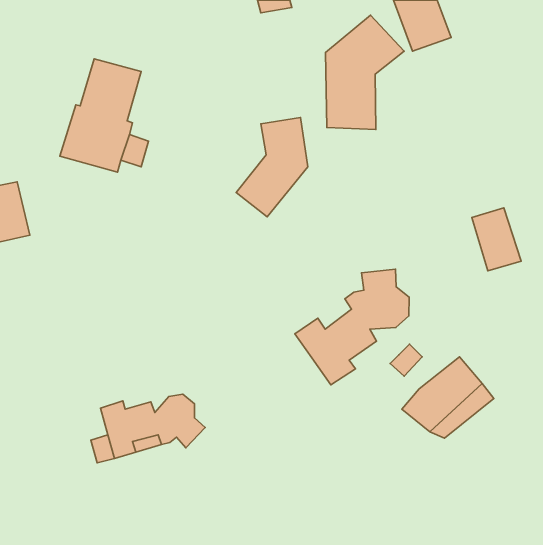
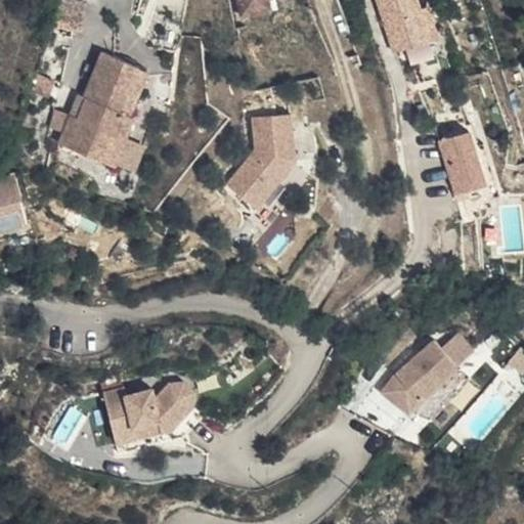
building: [326,15,404,130] -> none
building: [472,208,521,271] -> [439,130,486,190]
building: [295,269,409,385] -> none

